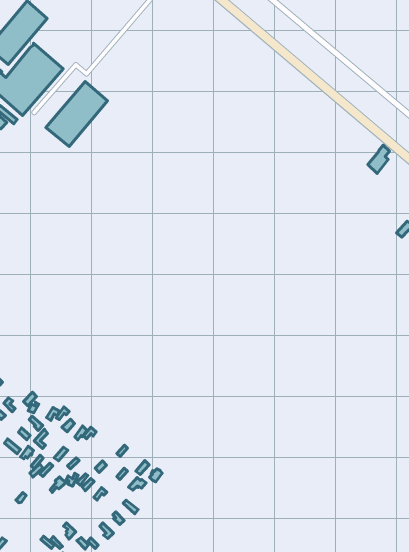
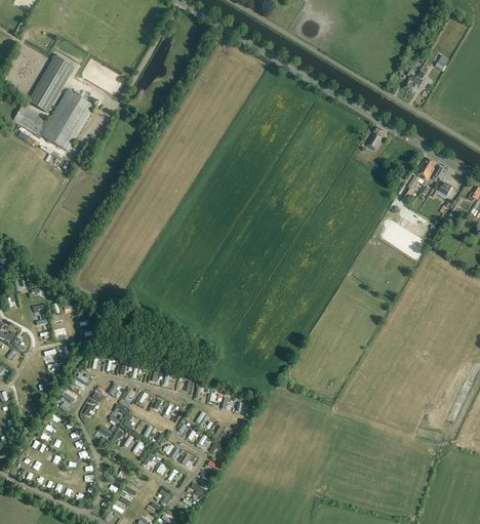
building: [46,81,107,147] -> none

